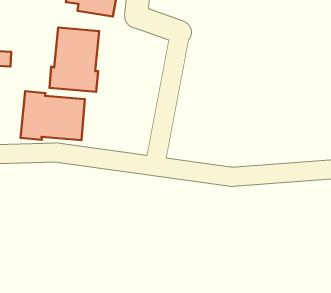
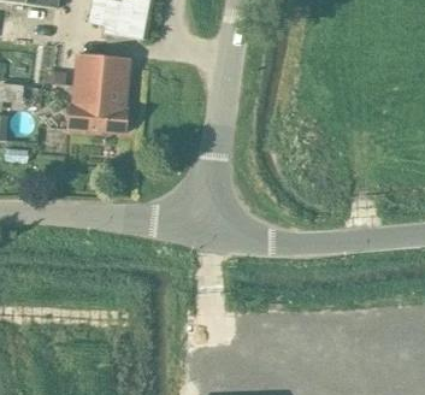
building: [21,91,85,140] -> none

